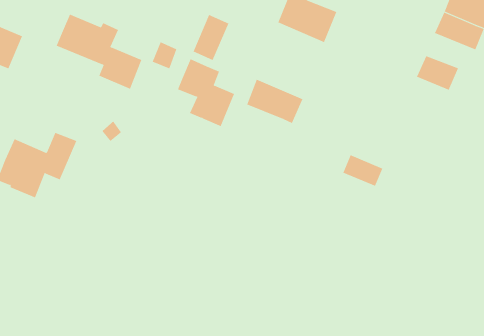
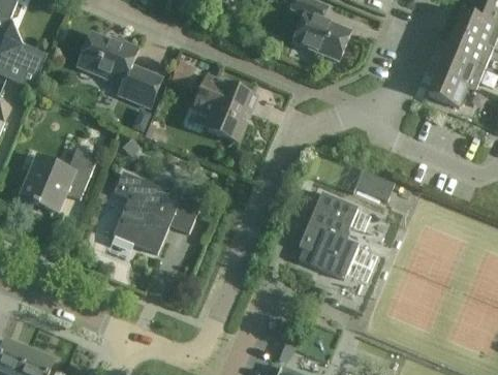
building: [193,14,229,61] -> none
building: none -> [435,52,484,90]
building: [246,79,303,124] -> none
building: none -> [112,173,199,253]
building: none -> [298,192,357,279]

